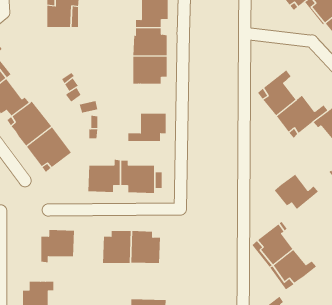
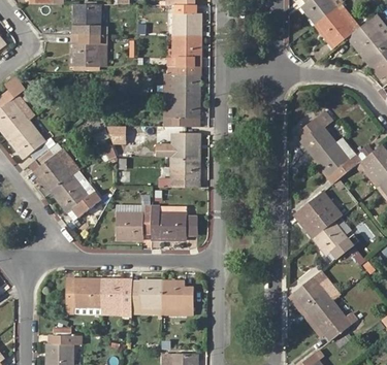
building: none -> [171,126,200,157]
building: none -> [299,191,335,238]
building: none -> [101,280,132,316]

